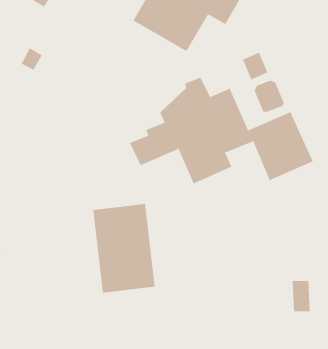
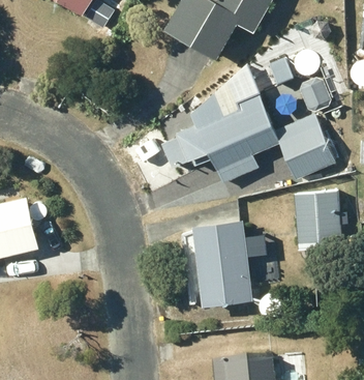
building: none -> [295,191,340,249]
building: [93,203,155,293] -> [191,220,251,305]

